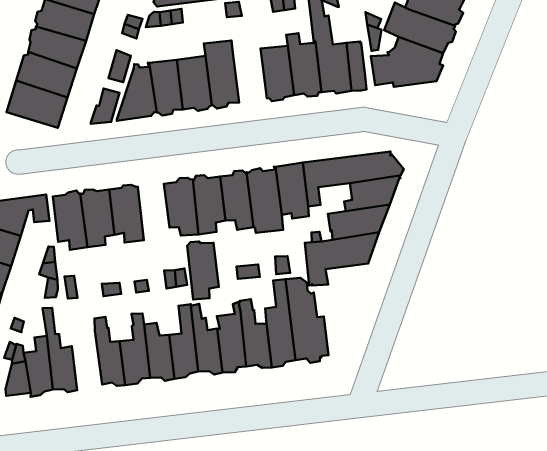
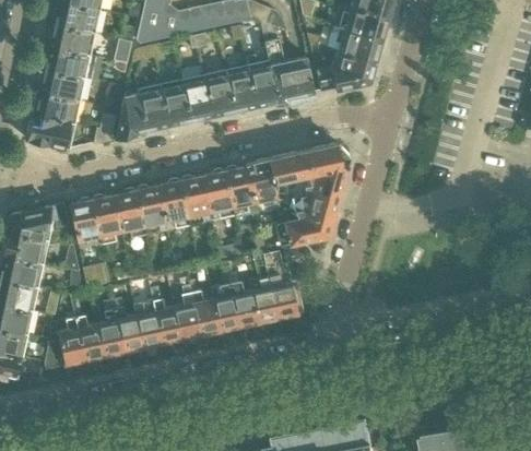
building: none -> [204,69,235,114]
building: [187,241,219,299] -> [138,185,166,232]
building: none -> [96,298,123,357]

